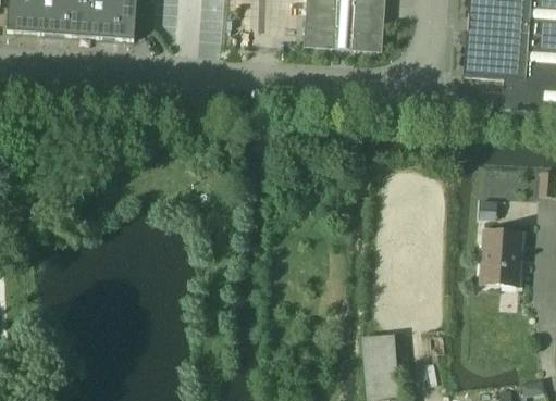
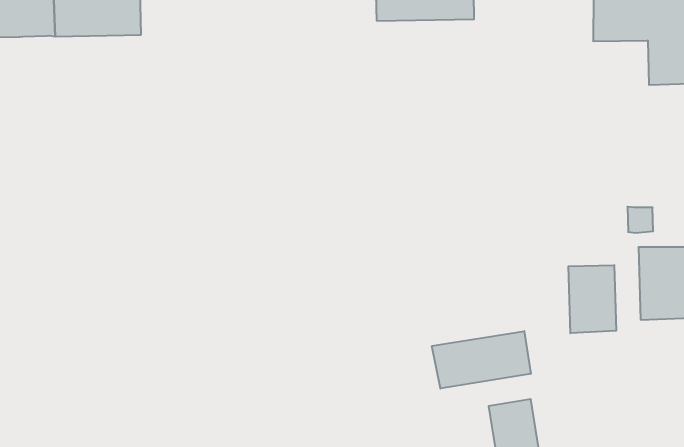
building: none -> [568,265,616,333]
building: none -> [432,331,531,389]

